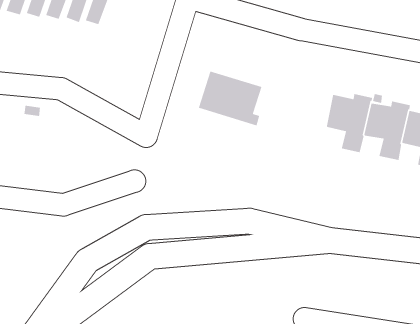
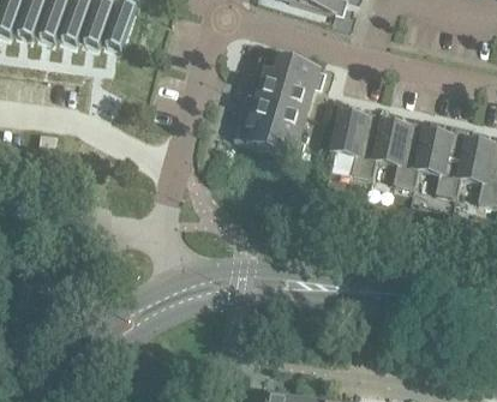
building: none -> [246,50,324,110]
building: none -> [333,108,385,175]

